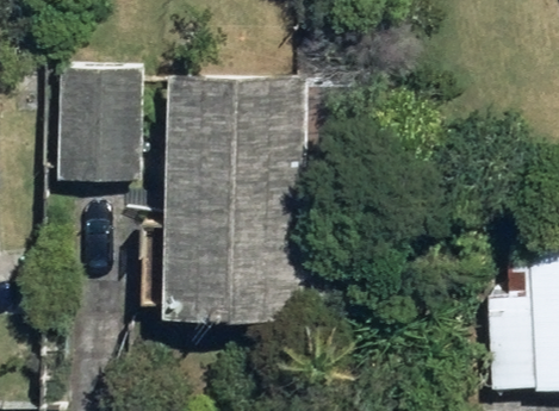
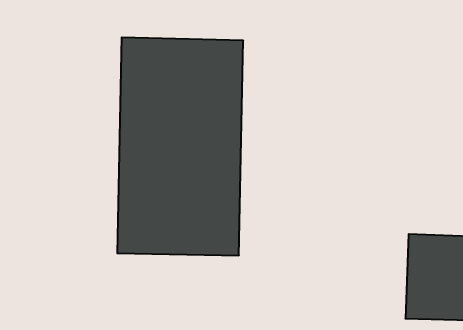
building: [60,68,141,181] -> none

